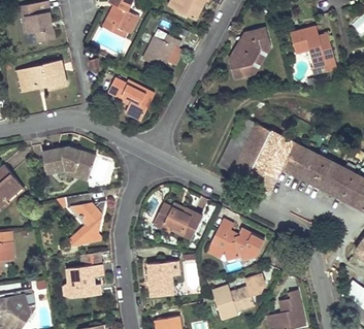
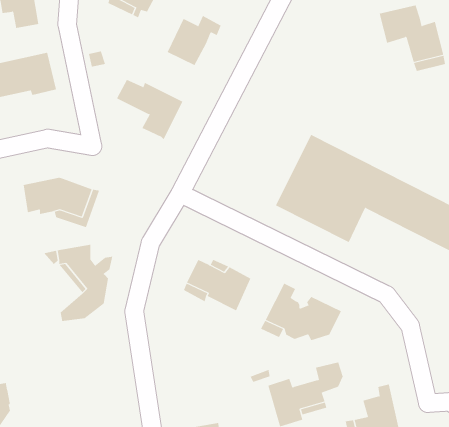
building: [229,28,269,78] -> none
building: [66,255,103,298] -> none
building: [147,260,180,296] -> none

